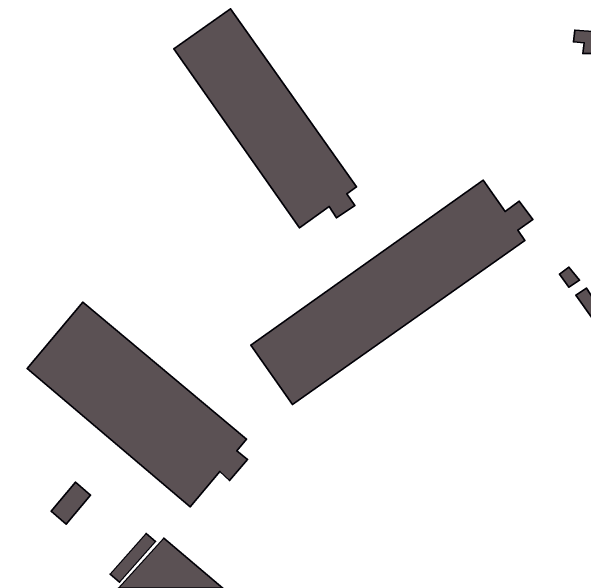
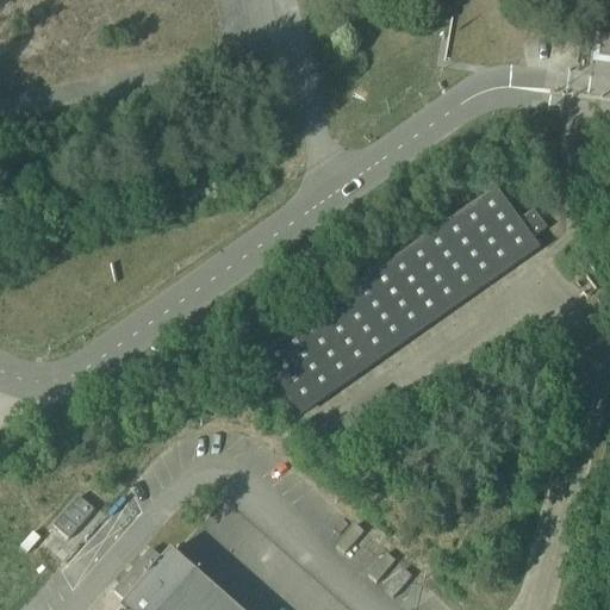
building: [174,9,356,228] -> none
building: [27,302,248,507] -> none

